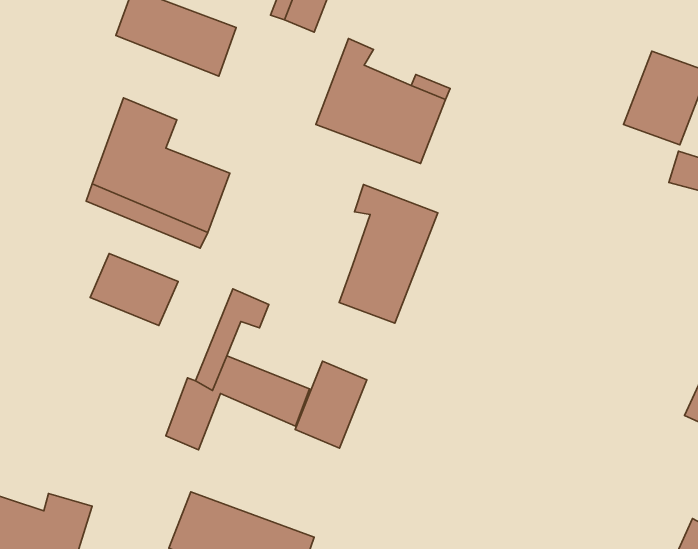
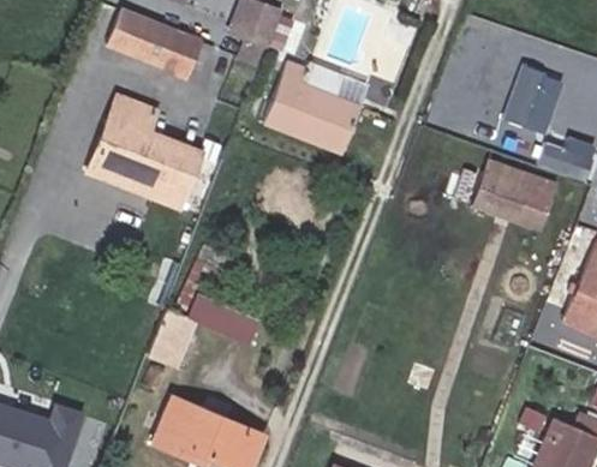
building: none -> [471,161,554,229]
building: [339,185,438,323] -> none
building: [90,253,178,326] -> none
building: [295,361,367,448] -> none

